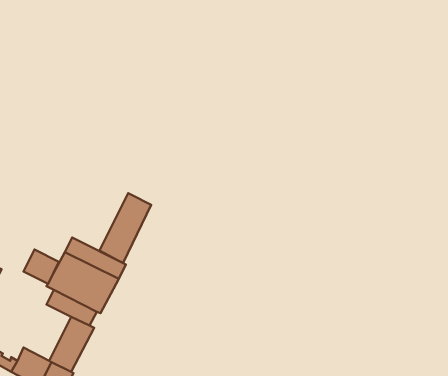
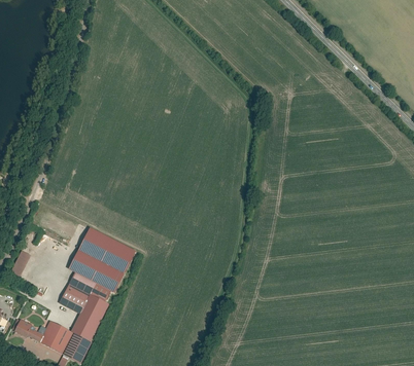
building: [100,193,151,263] -> none
building: [24,250,59,284] -> [60,284,90,313]

